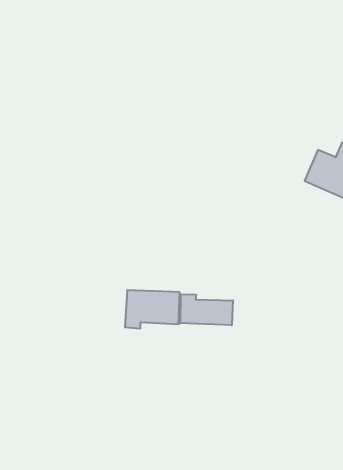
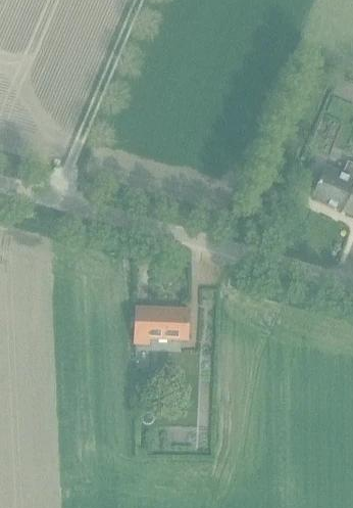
building: [180,294,233,325] -> none

